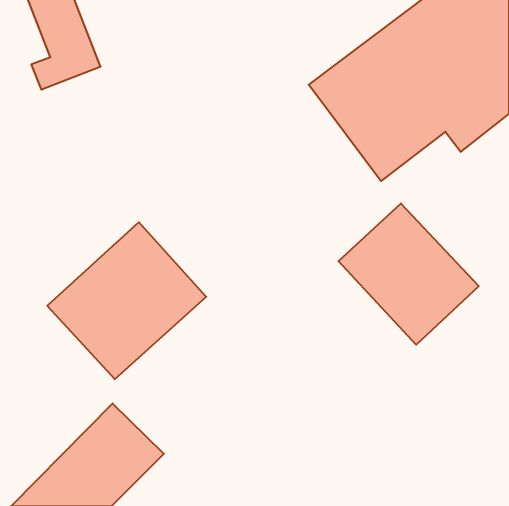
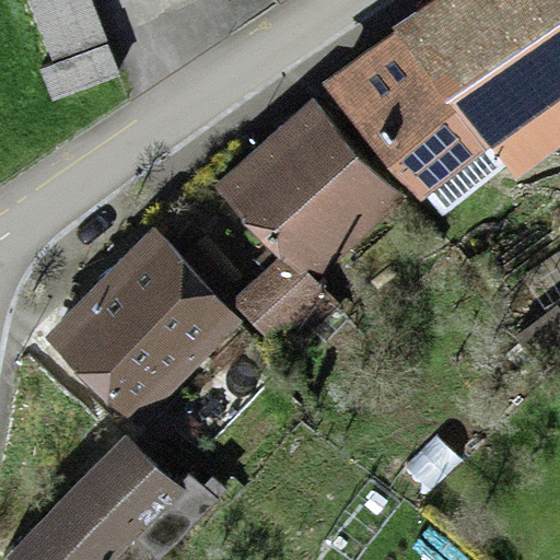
building: none -> [218,107,390,338]
building: [338,203,479,345] -> none

